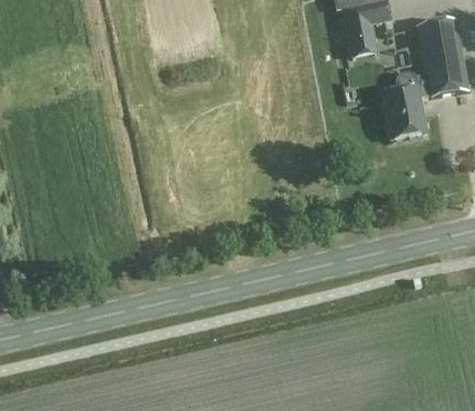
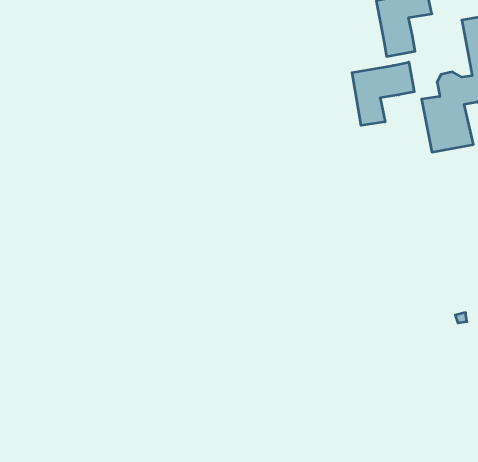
building: none -> [352,62,414,125]

